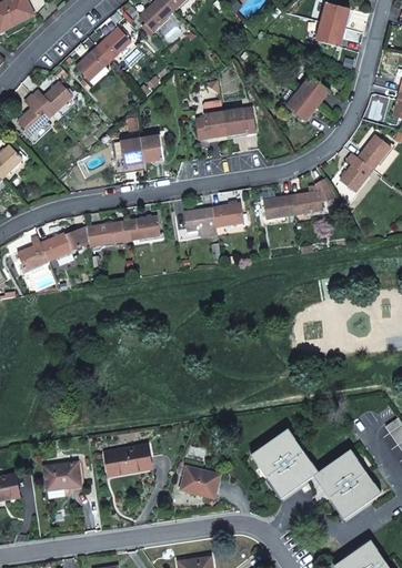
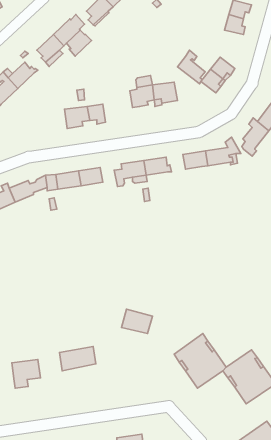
building: none -> [178,50,205,84]
building: [180,466,220,497] -> [121,309,153,333]

